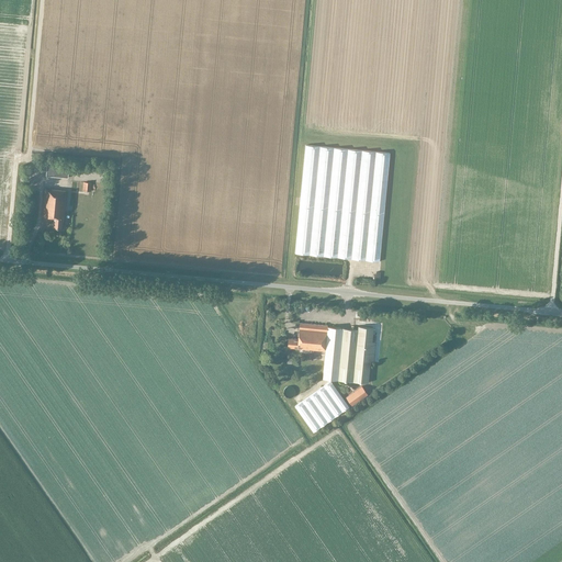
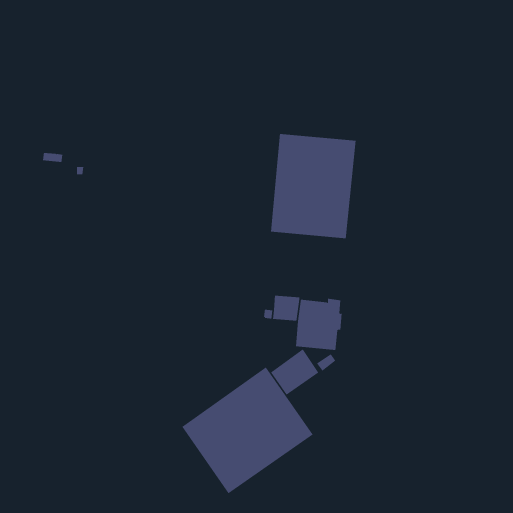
building: [43,189,67,228] -> none
building: none -> [181,366,313,494]

